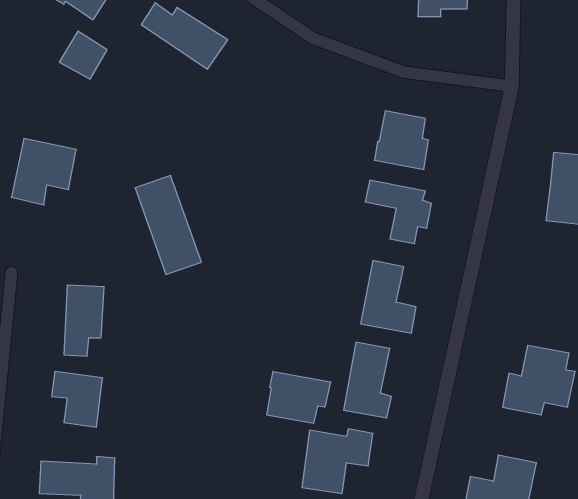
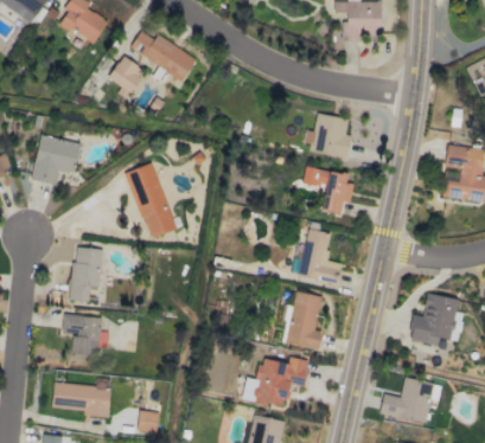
building: [59,31,107,79] -> [108,56,145,92]
building: [267,371,330,423] -> none

